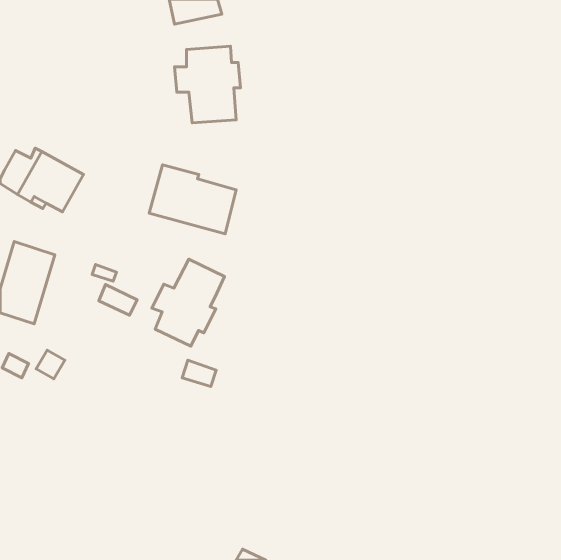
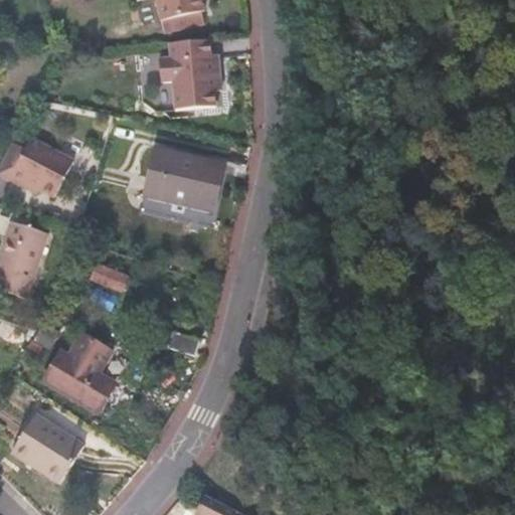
building: [152,259,225,346] -> none
building: none -> [51,332,111,408]
building: none -> [9,413,81,483]

